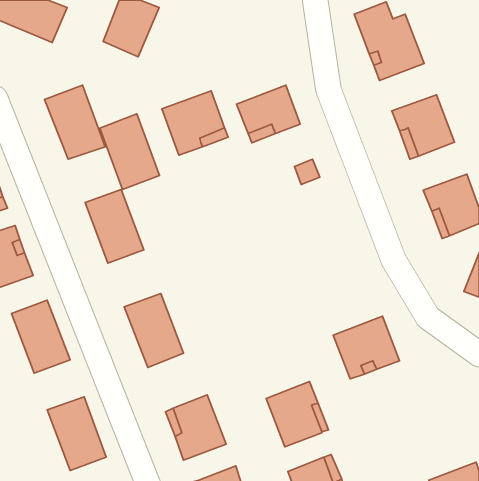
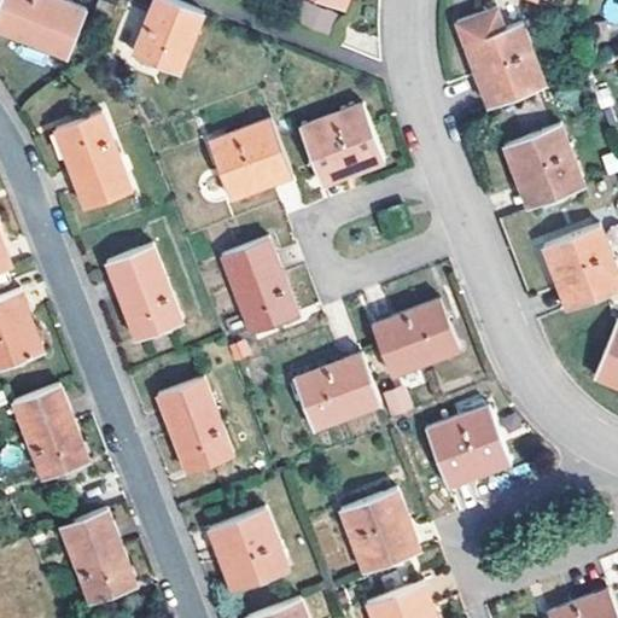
building: [100,114,159,190] -> [220,239,296,336]
building: none -> [373,302,459,377]
building: none -> [293,356,380,431]

